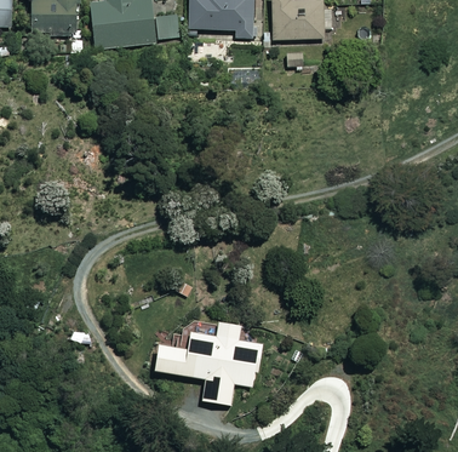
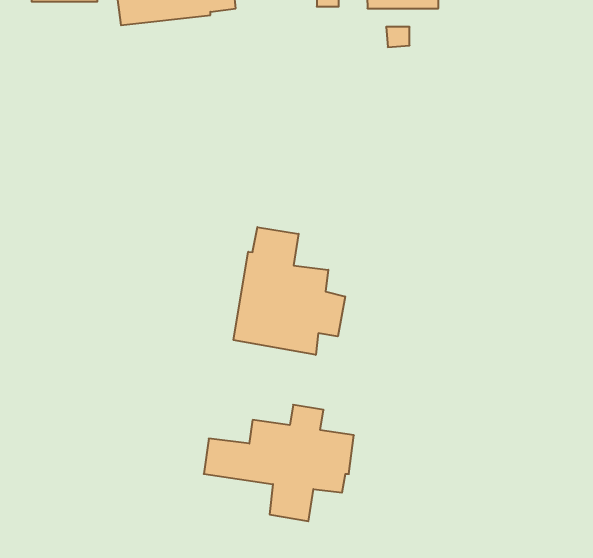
building: none -> [234,227,345,355]

